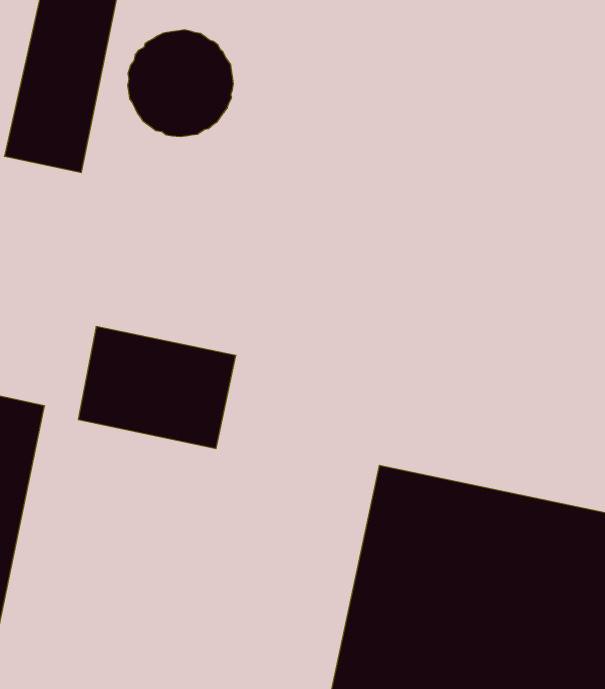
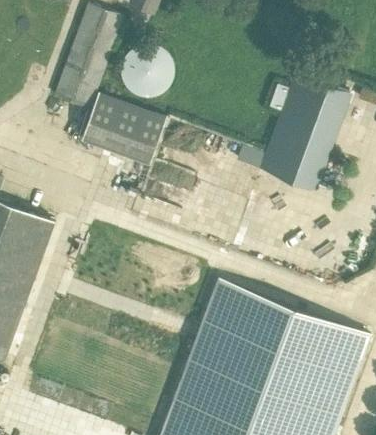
building: none -> [258,72,351,189]
building: [78,327,236,449] -> [81,94,166,165]

